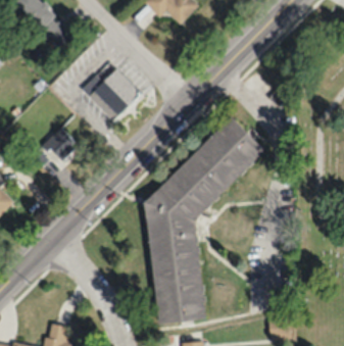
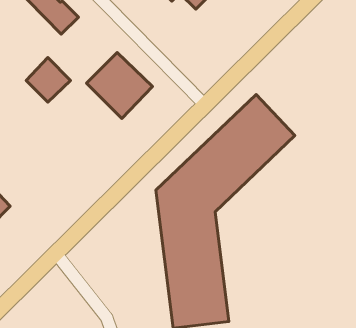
building: [40,129,80,168] -> [26,58,70,102]

